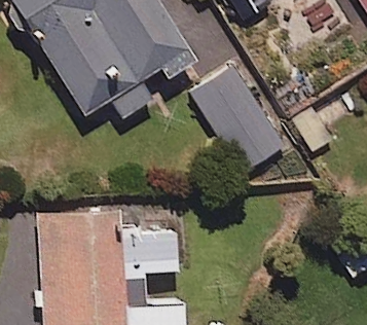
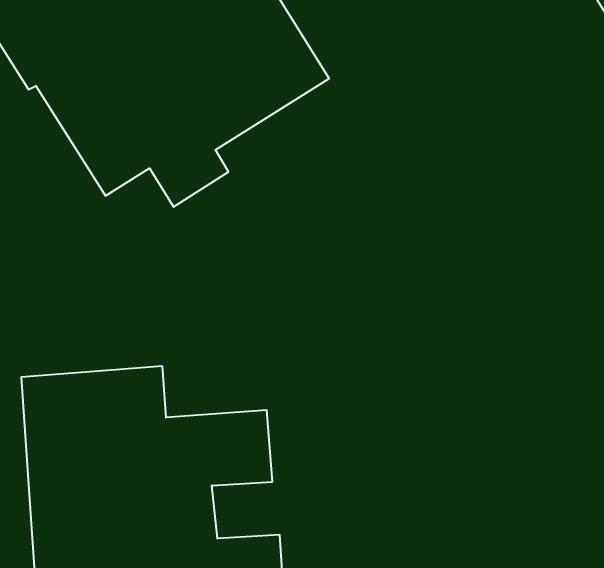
building: [190,67,284,174] -> none

